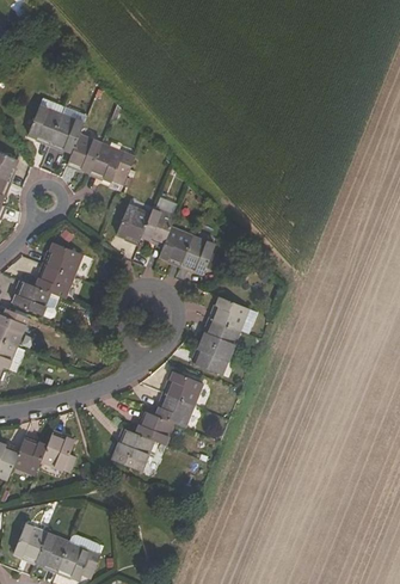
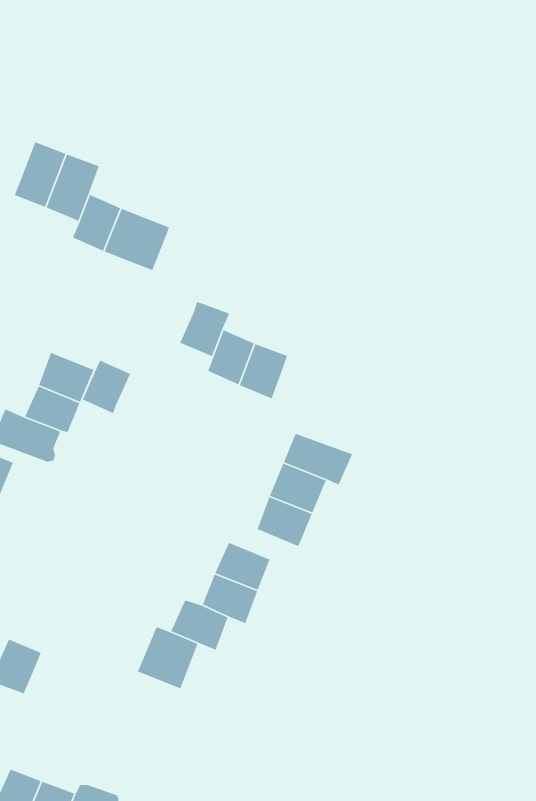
building: [116,204,149,241] -> [82,360,131,414]
building: [41,431,74,469] -> none

